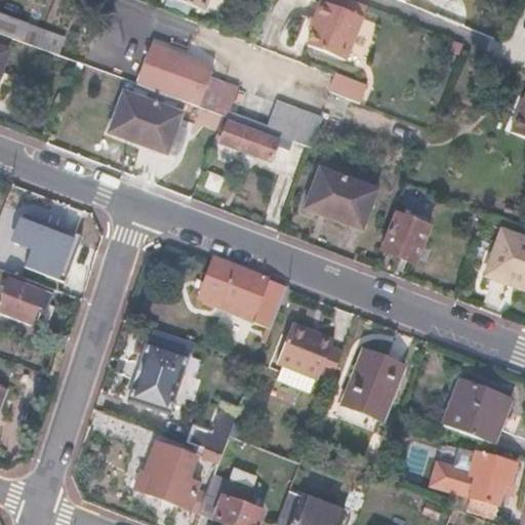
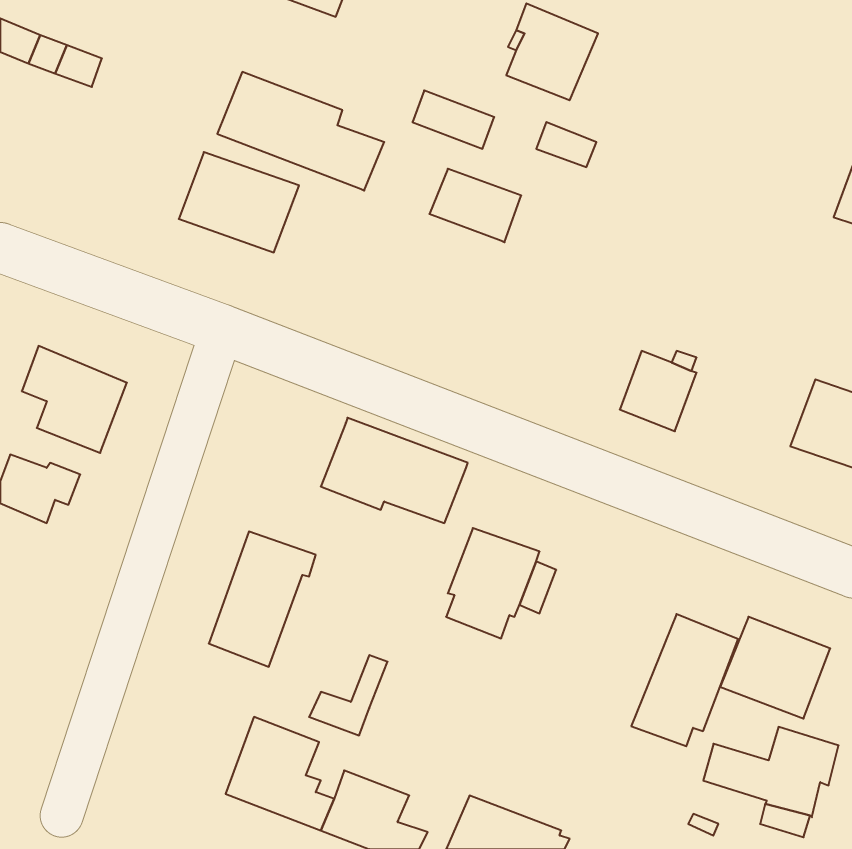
building: [220,123,271,159] -> [412,90,494,149]
building: [306,166,377,225] -> none
building: [338,345,404,426] -> [631,614,738,746]

